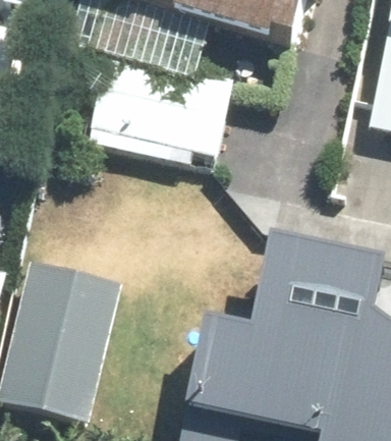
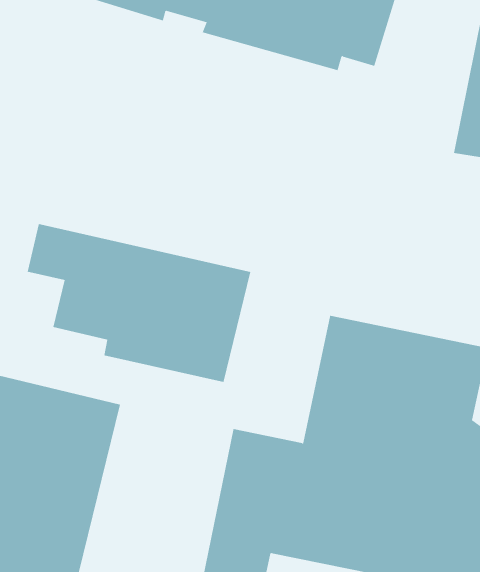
building: [72,54,233,168] -> [27,223,251,382]

